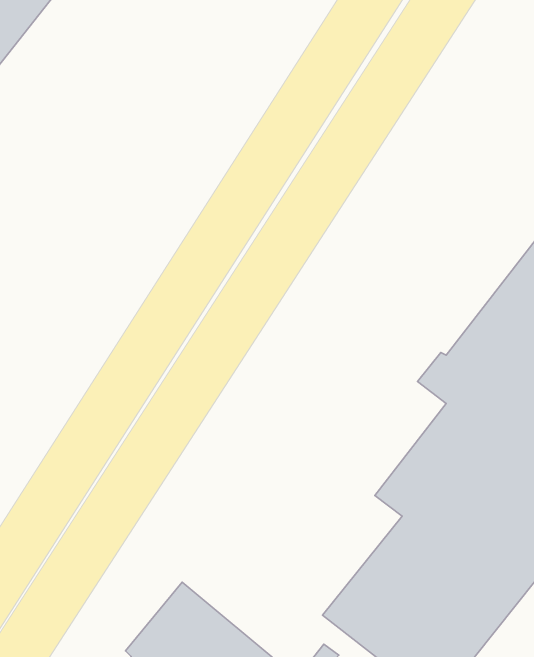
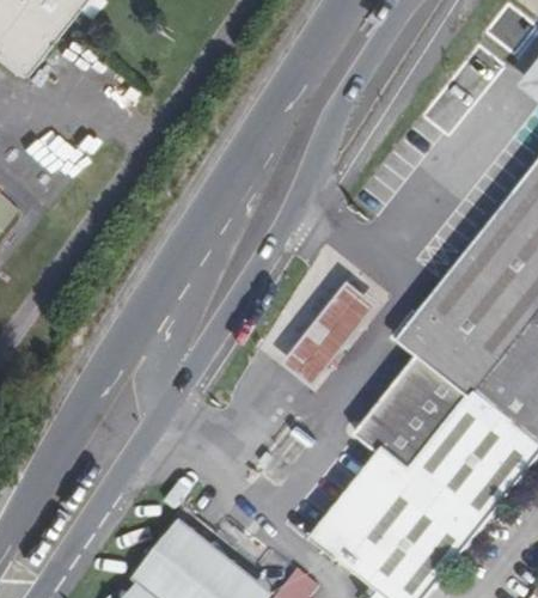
building: none -> [282,285,373,389]

